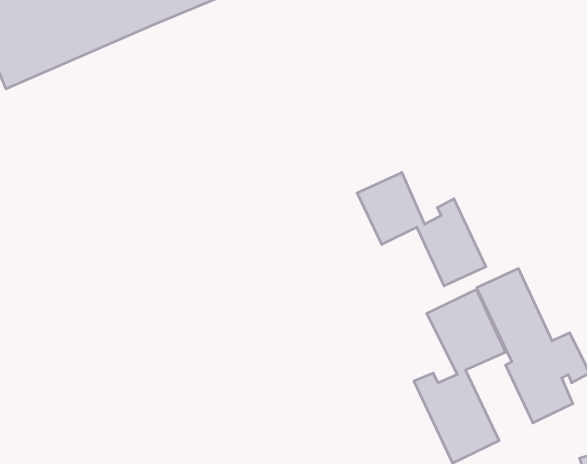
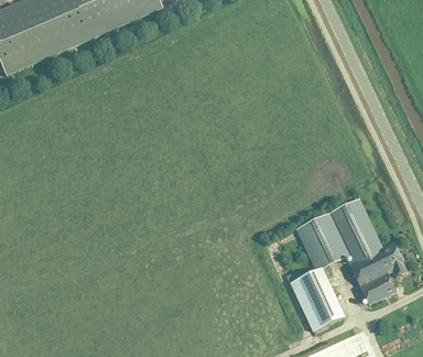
building: [357,172,486,286] -> none

